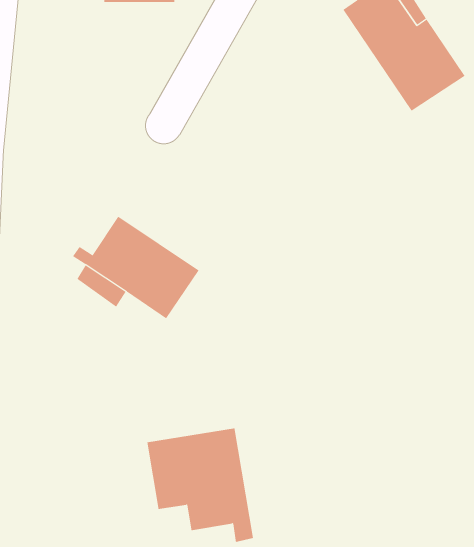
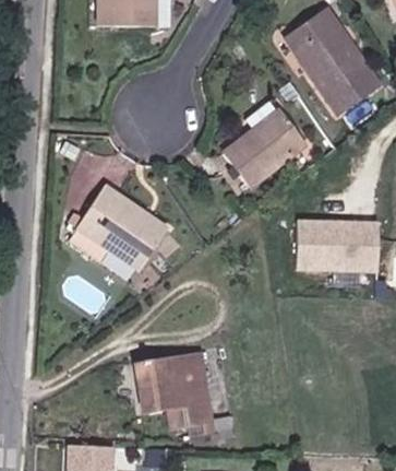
building: none -> [221,113,304,197]
building: none -> [291,217,377,270]

